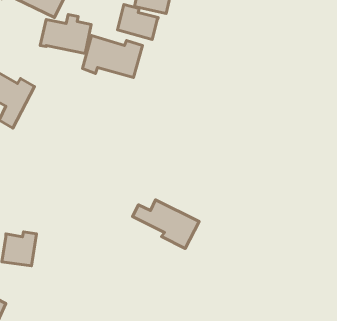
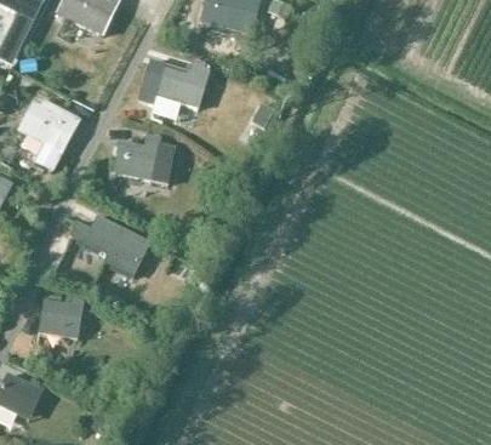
building: [117,5,158,39] -> none
building: [40,15,91,53] -> [113,135,175,182]
building: [132,200,199,249] -> [69,215,150,274]

